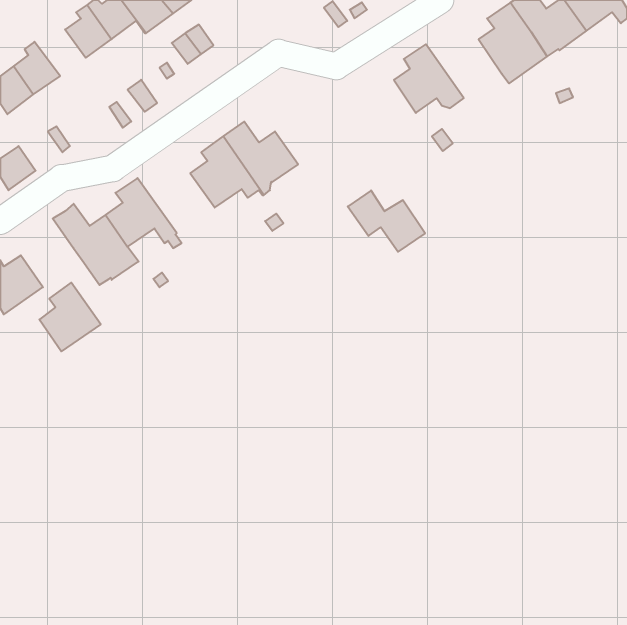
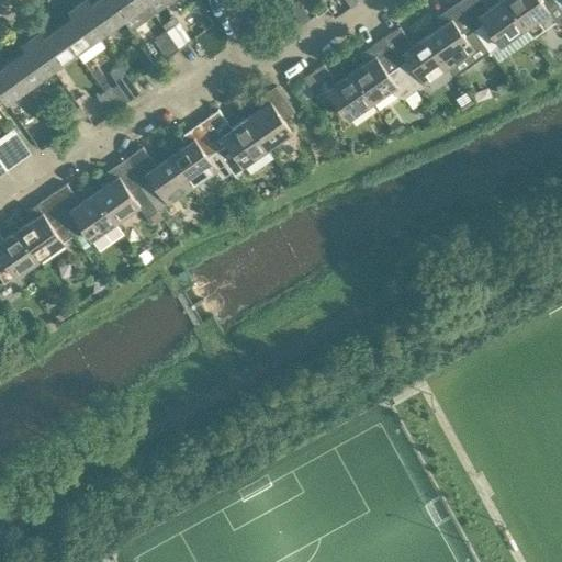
building: none -> [31,29,77,70]
building: none -> [381,29,449,90]
building: none -> [246,87,294,149]
building: none -> [123,148,192,211]
building: [348,190,425,252] -> [303,65,372,120]
building: [39,283,101,351] -> [19,198,74,259]

